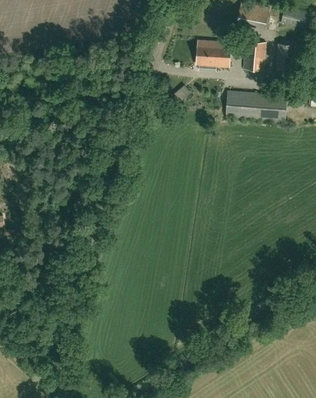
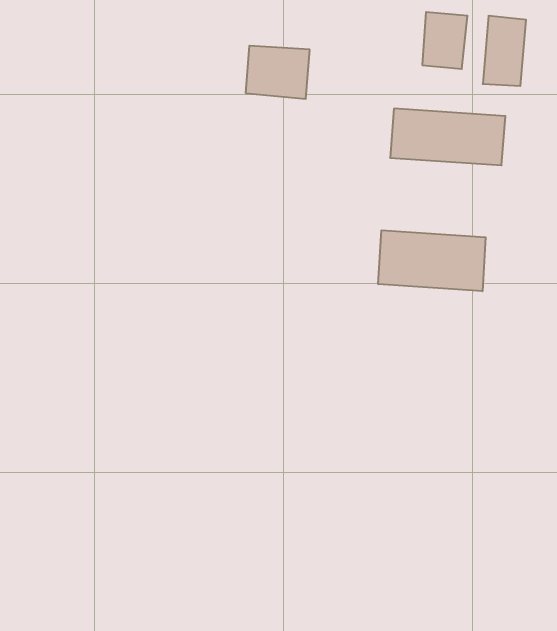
building: [196,39,230,67] -> [246,46,310,99]
building: none -> [378,230,486,291]

